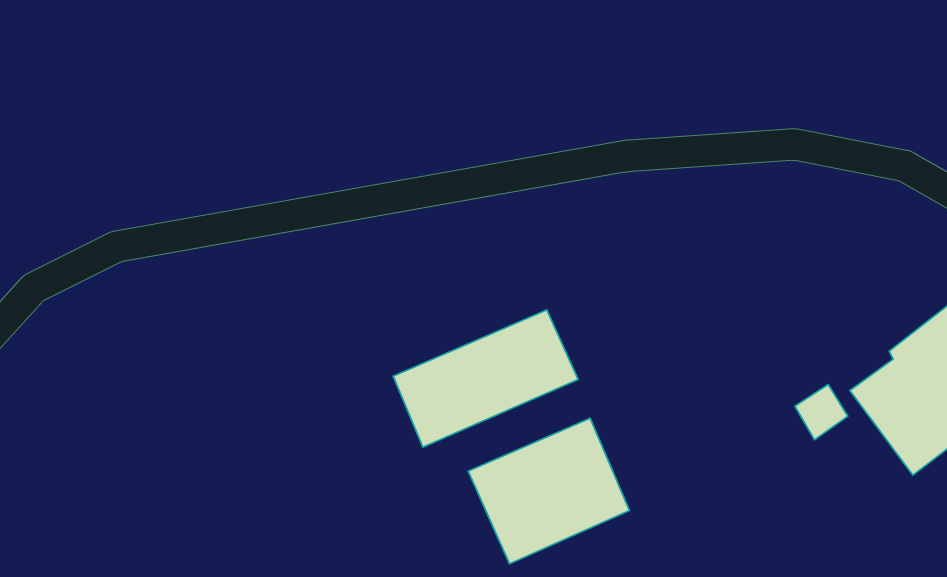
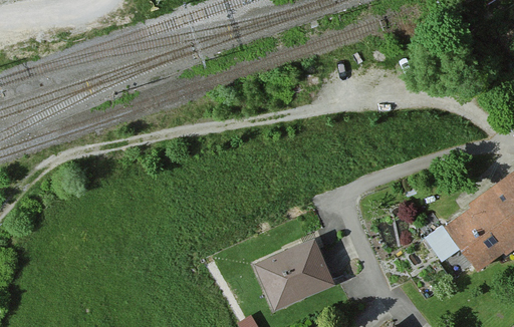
building: [393,310,578,447] -> none

